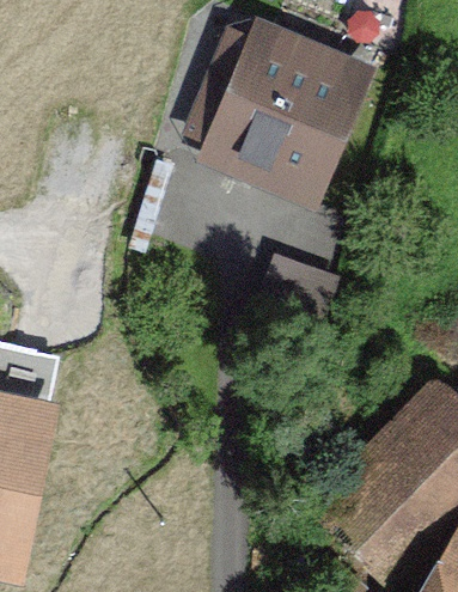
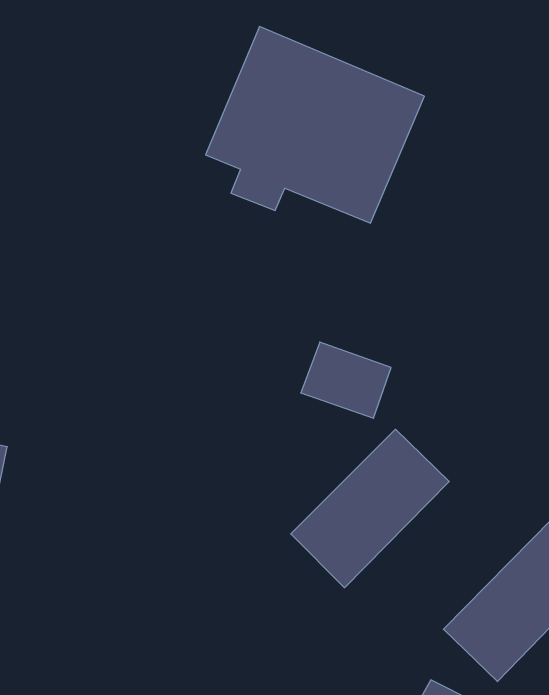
building: none -> [291,429,449,588]

